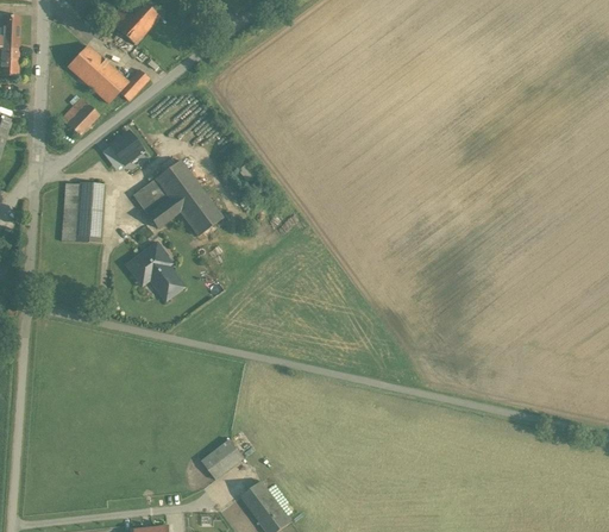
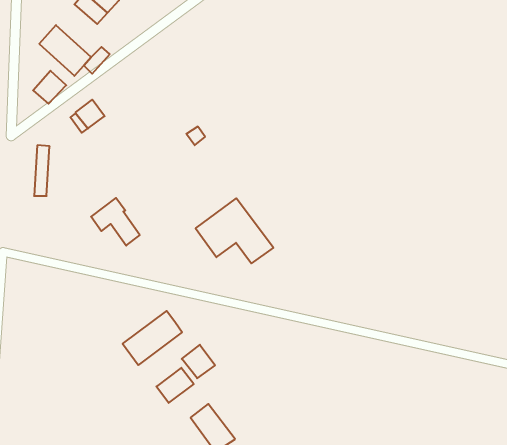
building: [133,159,222,234] -> [196,198,273,263]
building: [76,182,105,243] -> none
building: none -> [123,311,182,365]
building: none -> [182,345,215,378]

